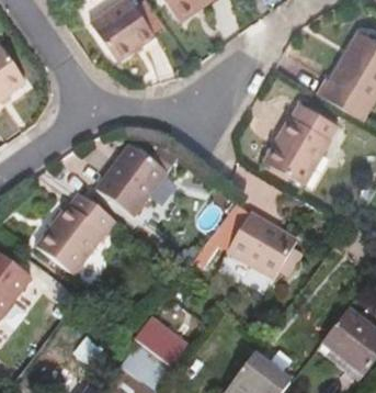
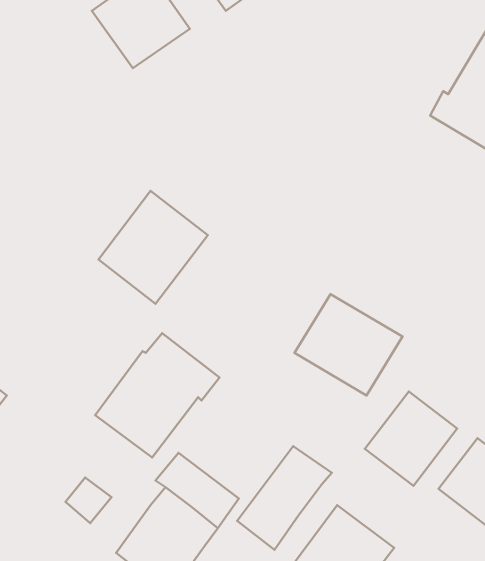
building: [263,99,340,183] -> none
building: [35,191,118,274] -> [95,333,219,458]
building: none -> [365,392,457,486]
building: none -> [237,446,332,550]

